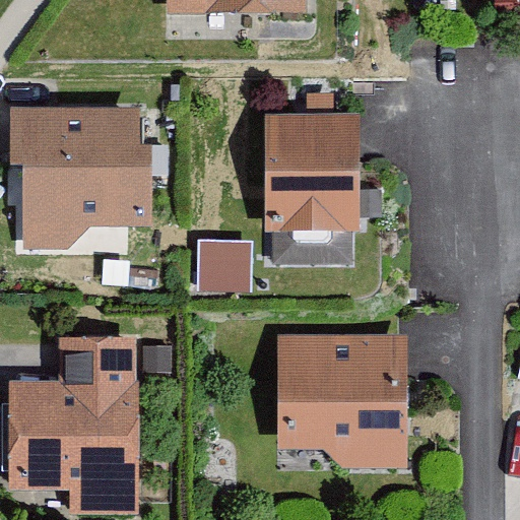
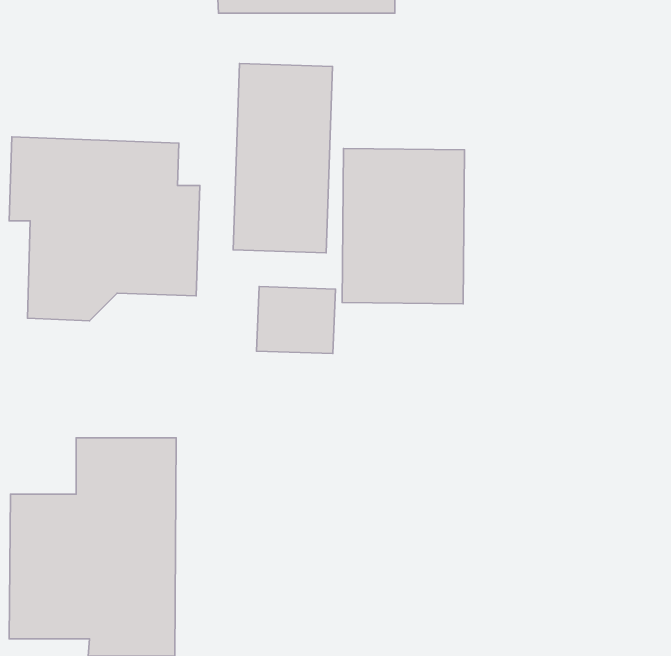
building: none -> [233,64,332,253]
building: [277,335,406,465] -> none

